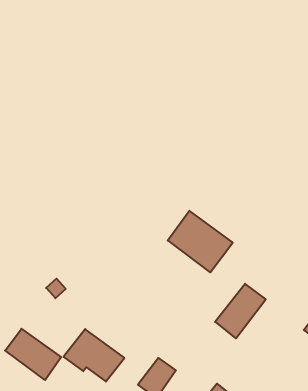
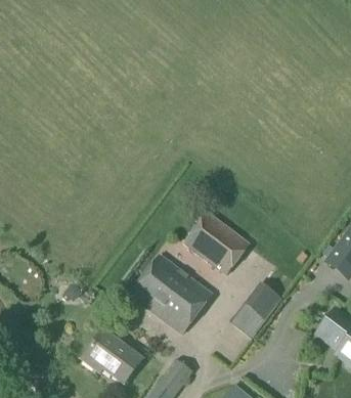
building: none -> [130,254,213,333]
building: [5,329,61,380] -> none

